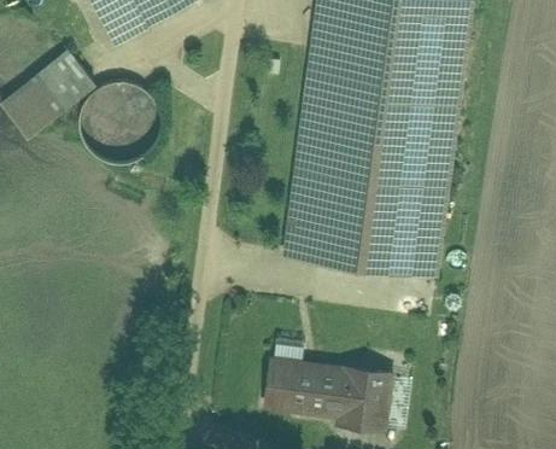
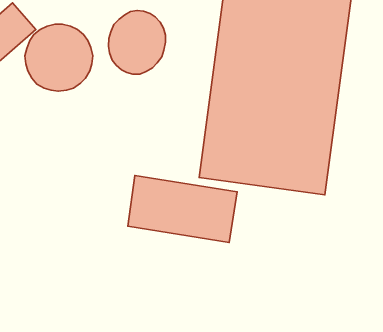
building: none -> [108,10,165,74]
building: [267,349,397,428] -> [128,176,237,243]

